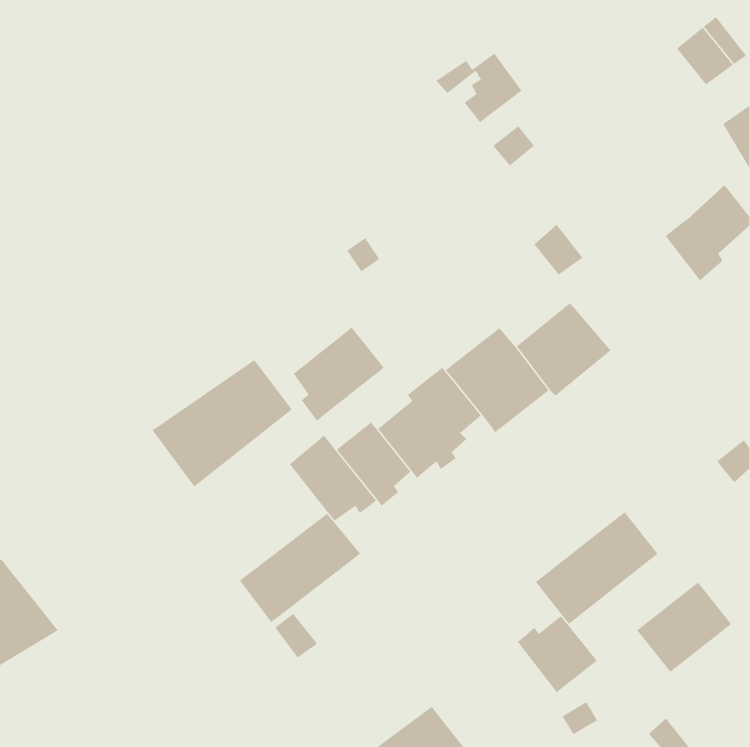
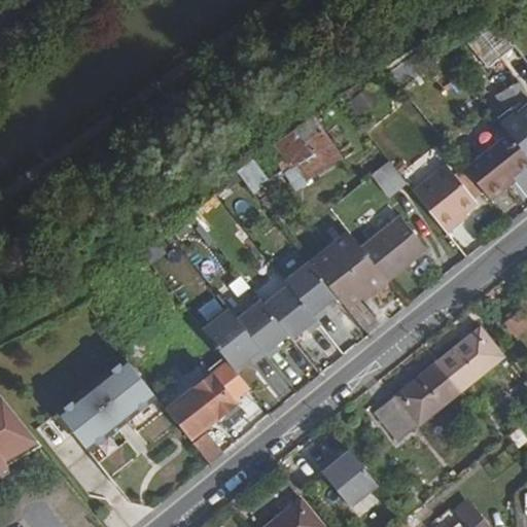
building: [436,53,523,123] -> [270,122,330,172]
building: none -> [413,165,477,233]
building: [293,327,385,422] -> none
building: [151,359,293,488] -> [58,361,156,451]
building: [636,582,732,673] -> [436,327,503,391]
building: [517,615,598,693] -> [319,450,376,504]

